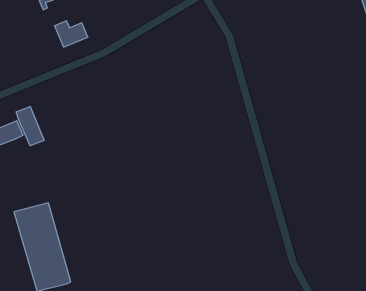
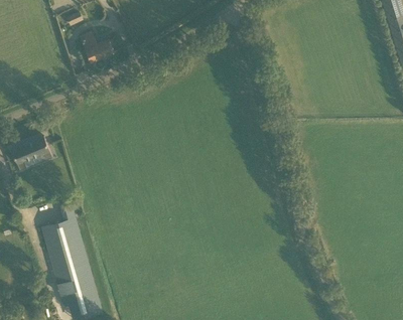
building: [16,106,44,146] -> none

